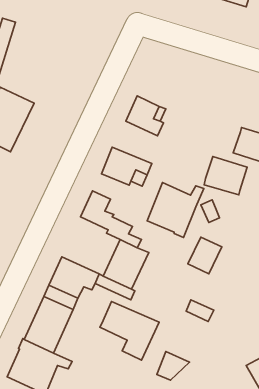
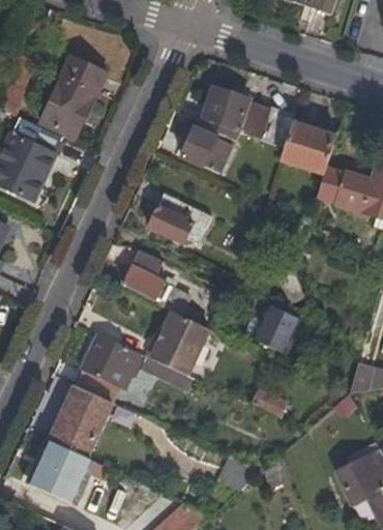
building: none -> [39,55,105,137]
building: none -> [201,88,270,142]
building: [204,157,247,195] -> [281,124,335,173]
building: [147,183,204,238] -> none
building: [100,301,159,360] -> none

